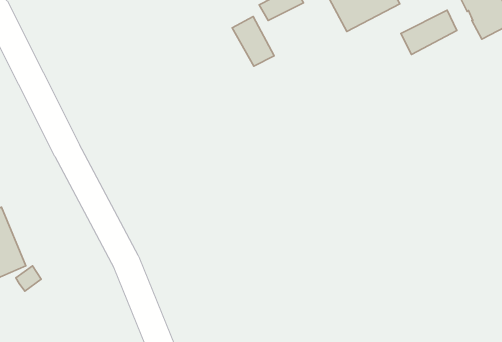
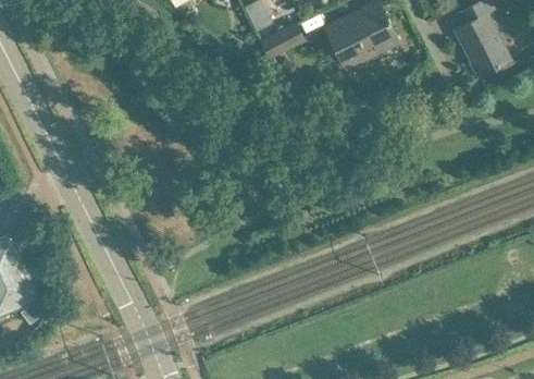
building: [401,10,457,55] -> none
building: [232,17,274,66] -> none

